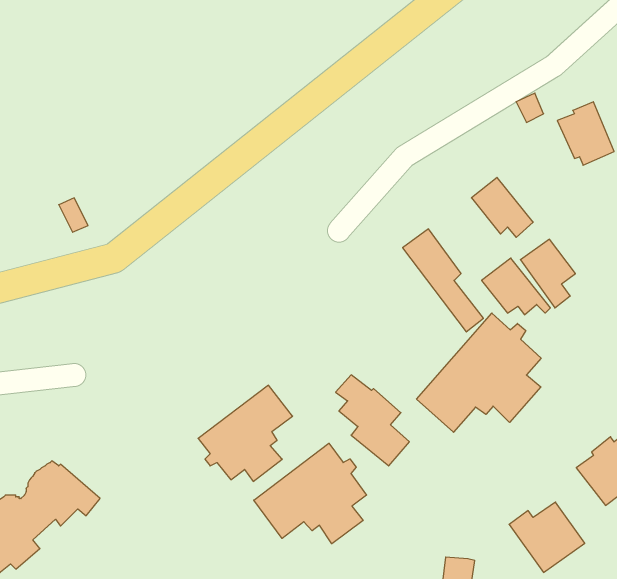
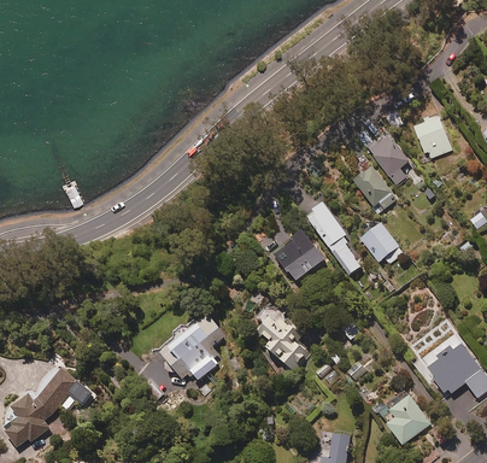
building: [520,239,575,308] -> [370,136,409,184]
building: none -> [274,230,323,282]
building: [417,313,541,432] -> none
building: [254,443,367,544] -> none

